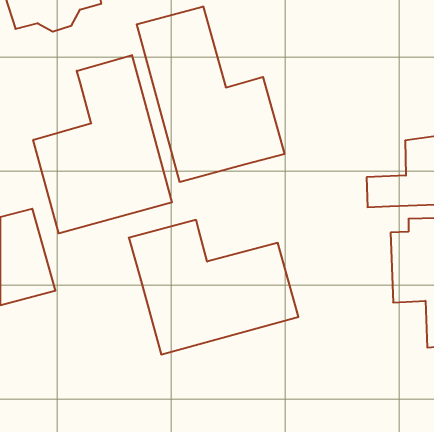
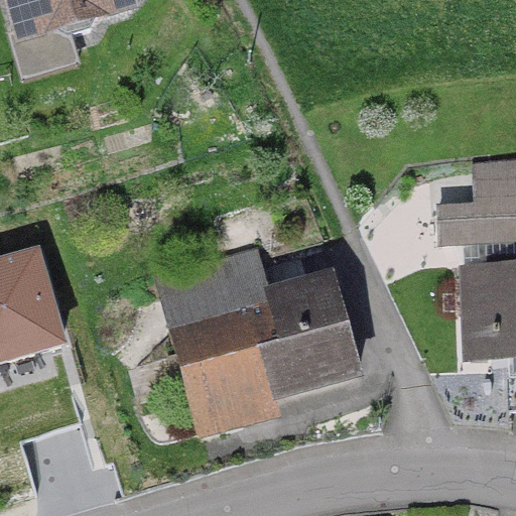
building: [137,6,284,182] -> none
building: [33,55,172,233] -> none

